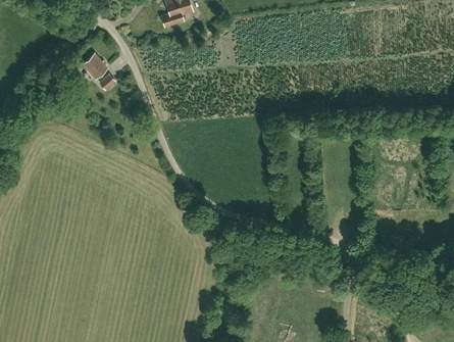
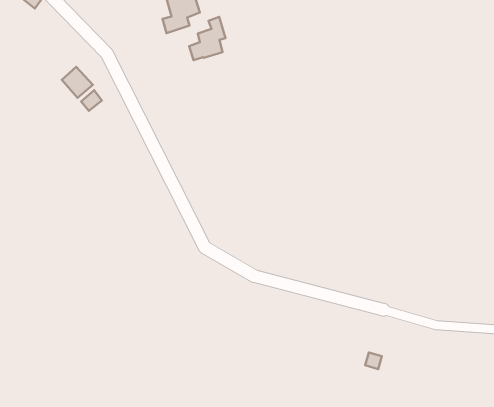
building: none -> [189,17,226,60]

